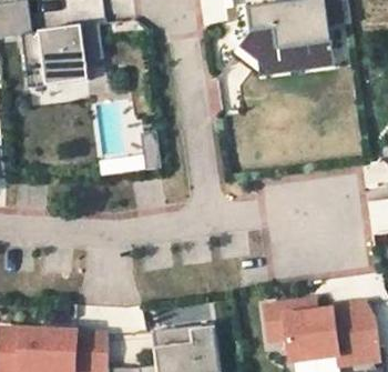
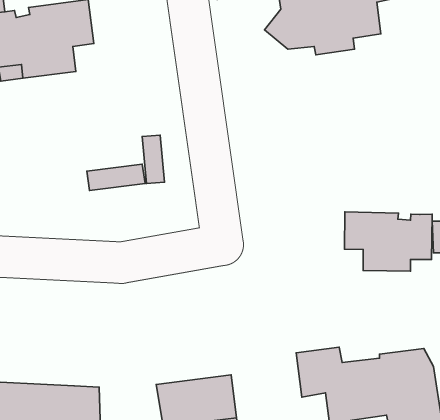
building: none -> [344,212,432,271]

